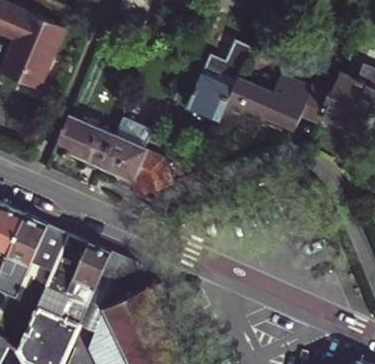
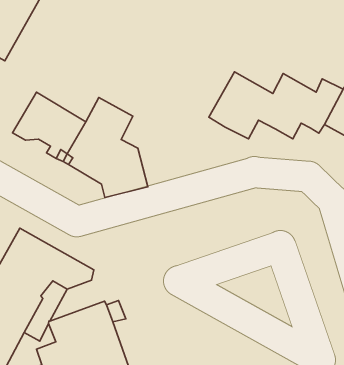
building: [186,50,247,121] -> none

